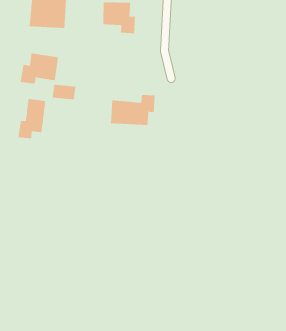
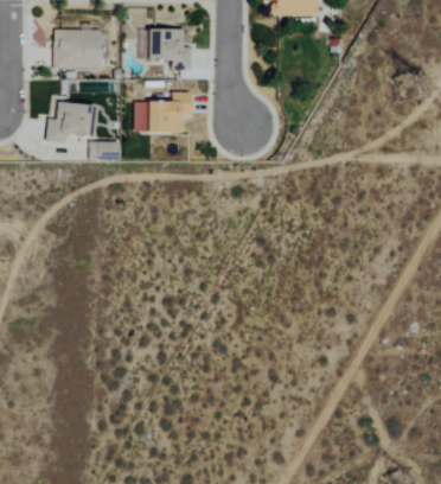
building: [110,94,156,126] -> [135,91,192,132]
building: [18,98,46,139] -> none

